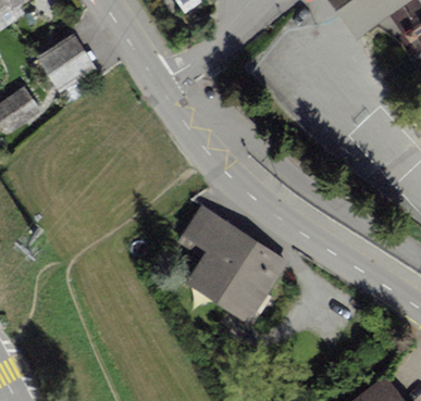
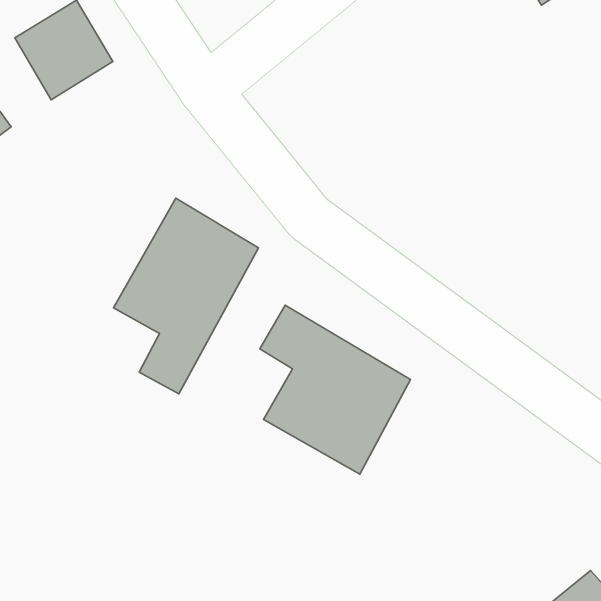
building: none -> [114,198,258,394]

